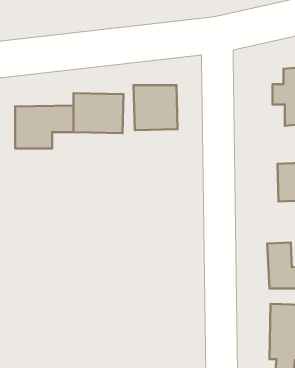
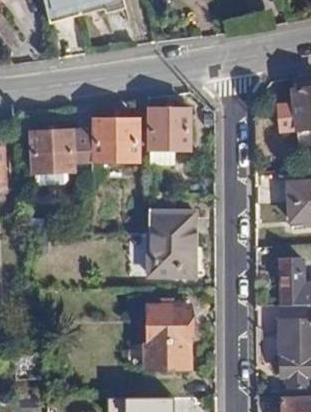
building: none -> [150,210,194,273]
building: none -> [144,305,190,367]

